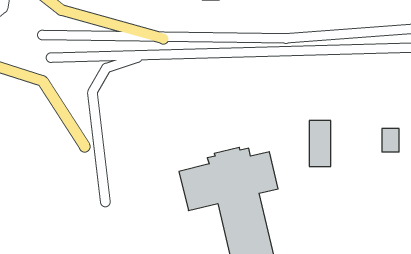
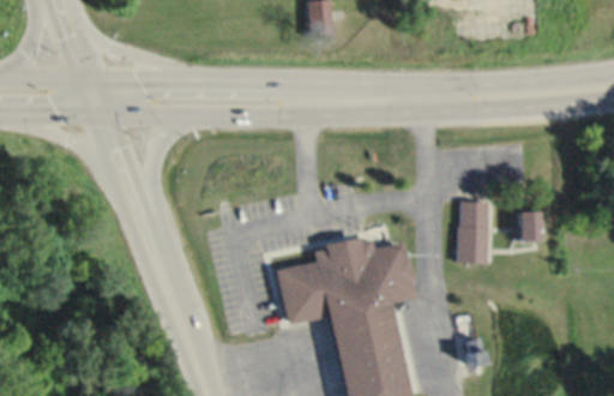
building: [382,129,399,152] -> [518,209,542,241]

